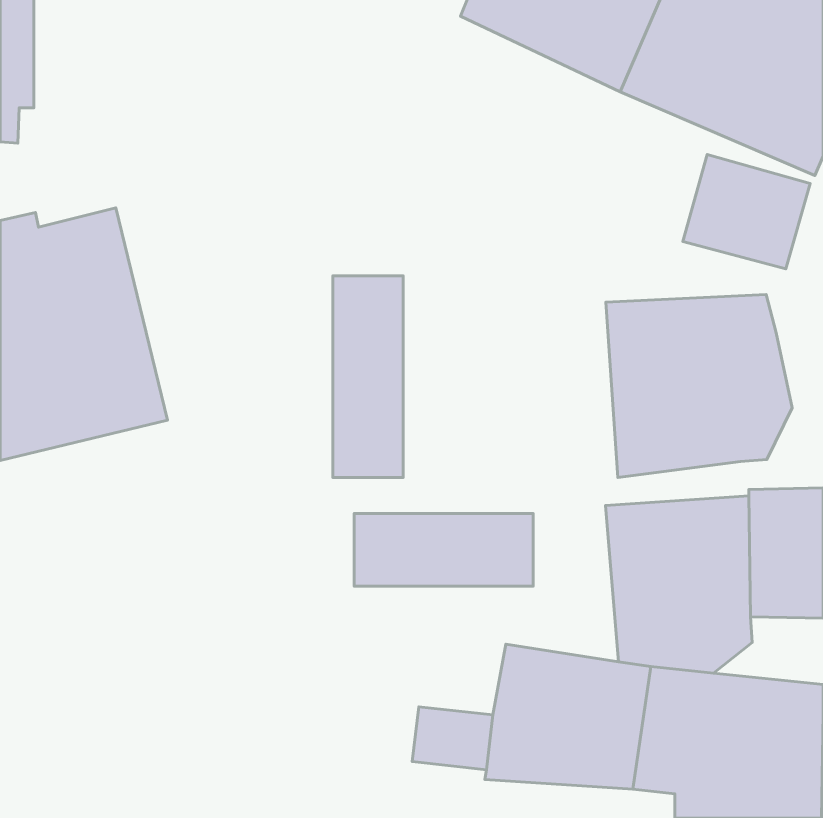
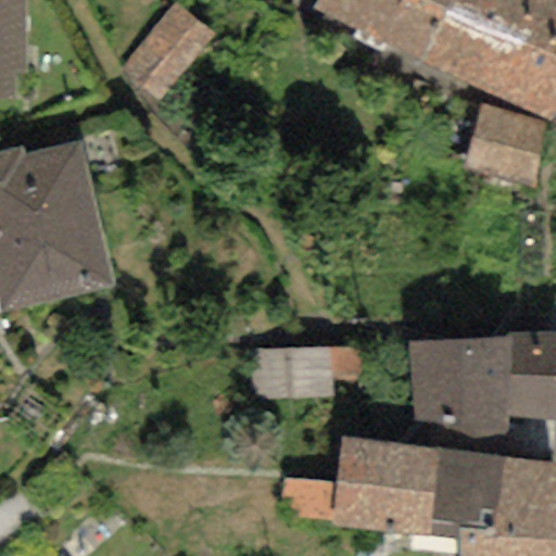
building: none -> [127,9,220,104]
building: [333,276,403,477] -> none
building: [606,294,792,478] -> none

